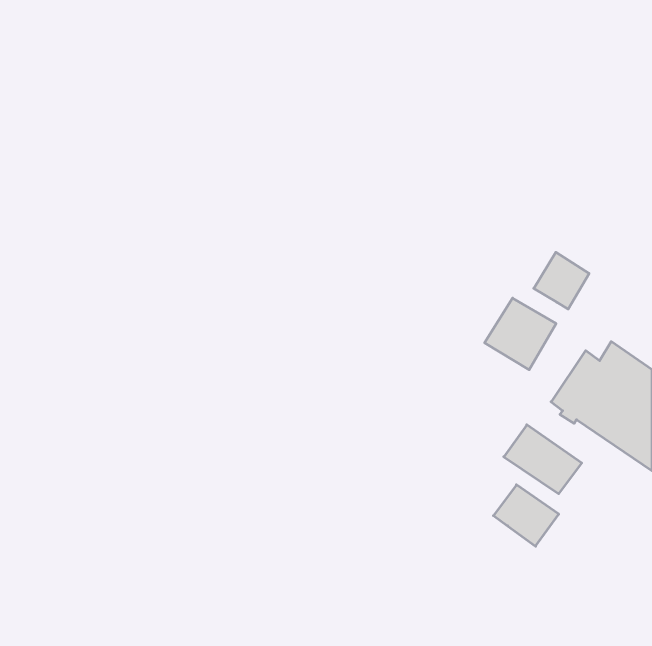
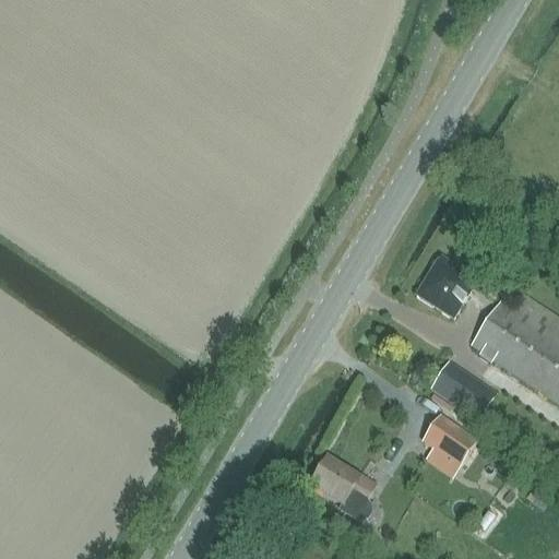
building: [534,252,589,309] -> none
building: none -> [309,460,373,519]

